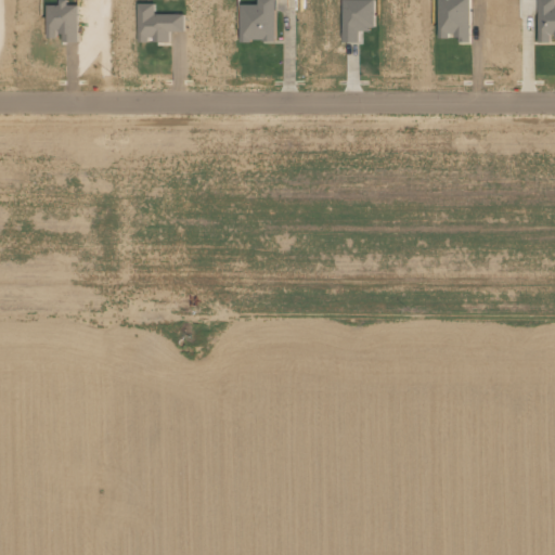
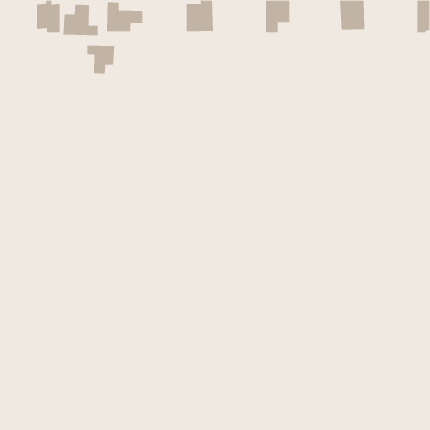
building: none -> [63,4,98,36]
building: none -> [87,45,115,75]

